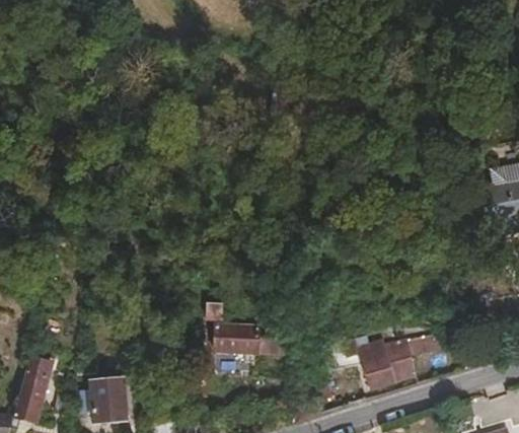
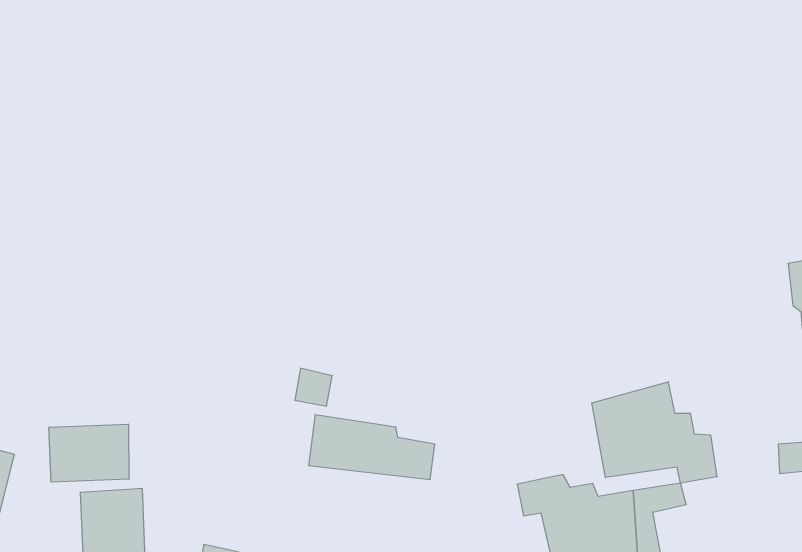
building: none -> [592,382,717,483]
building: none -> [49,424,129,482]

